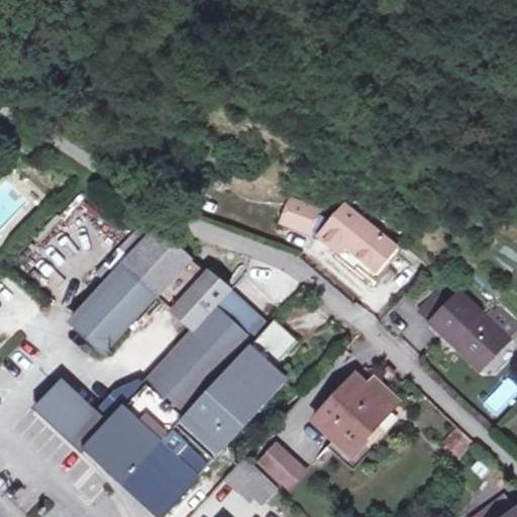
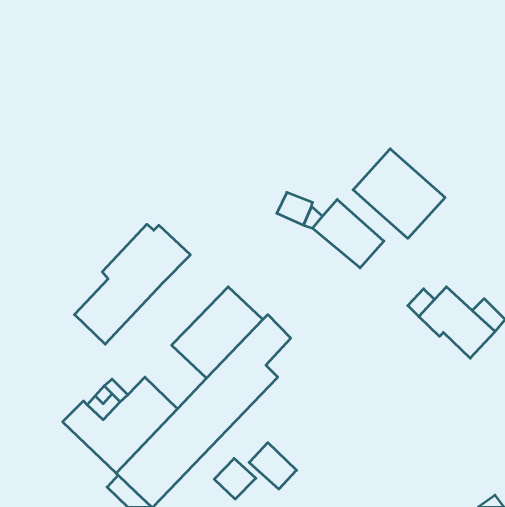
building: none -> [353,149,445,238]
building: [166,260,232,323] -> none
building: [144,351,210,416] -> none
building: [314,380,389,458] -> none
building: [37,384,85,429] -> none

